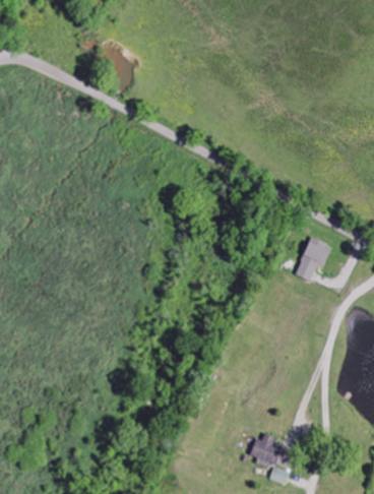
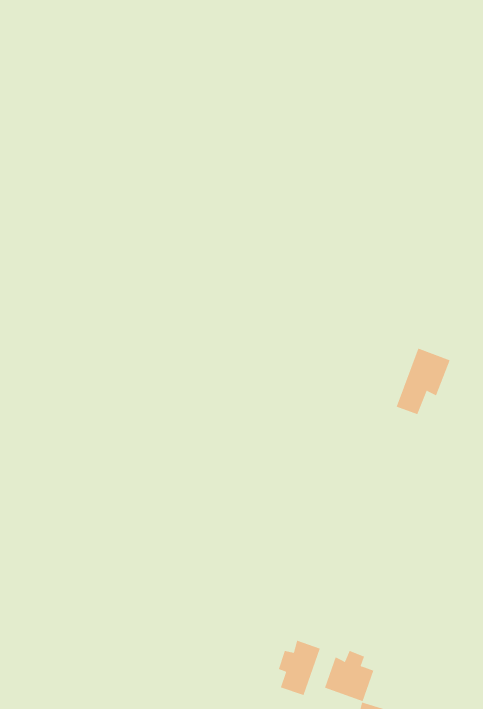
building: none -> [278,640,320,696]

